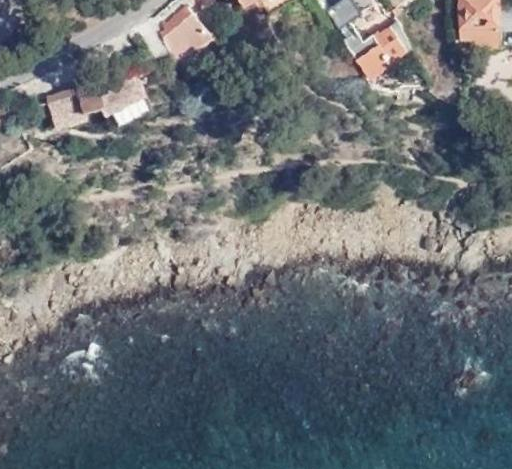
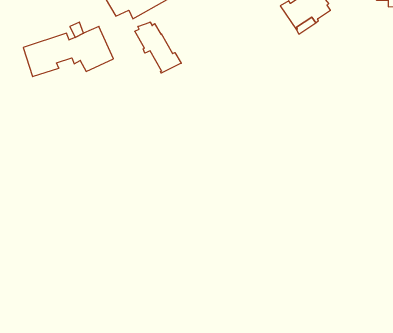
building: none -> [135,22,181,73]

